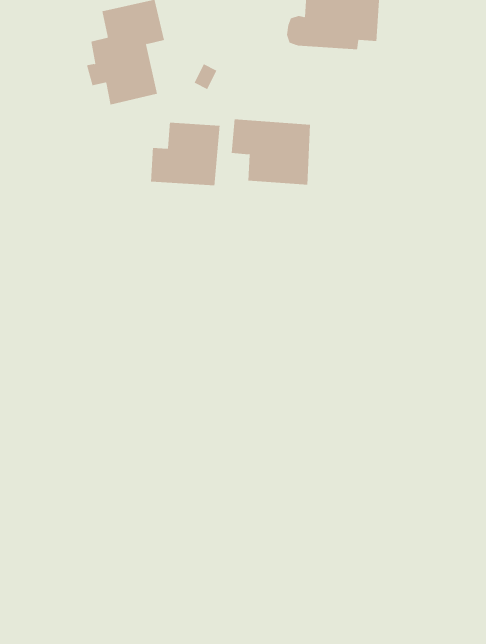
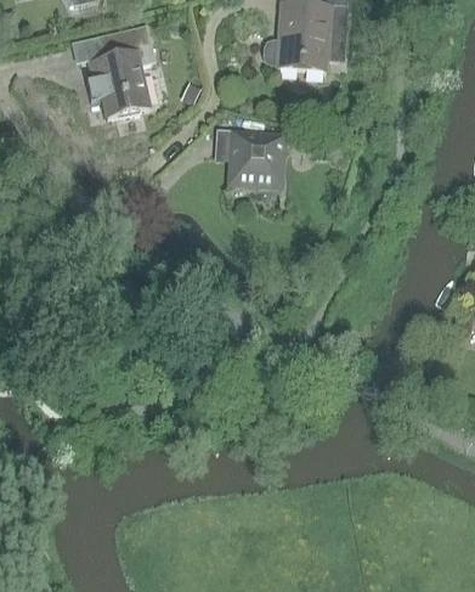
building: [151,122,220,186] -> none

